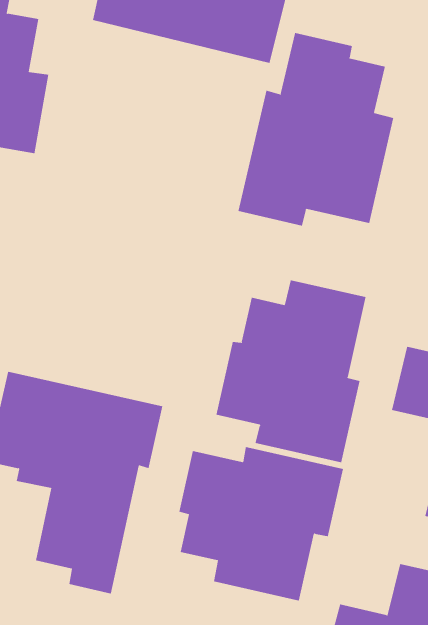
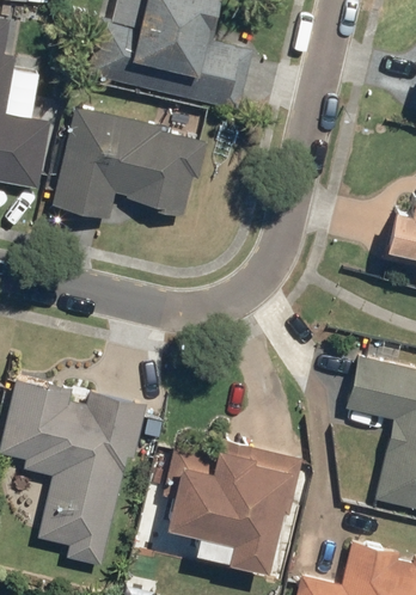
building: [238,32,394,227] -> none
building: none -> [50,105,207,221]
building: [216,279,366,463] -> none

